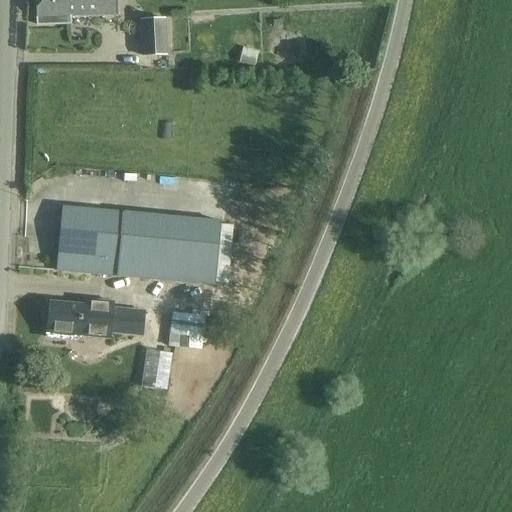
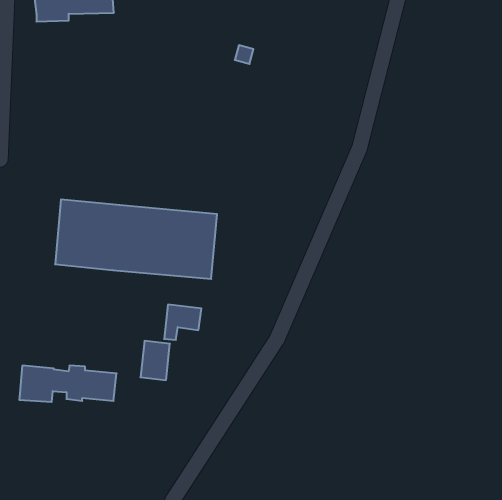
building: [140,16,167,54] -> none
building: [46,300,145,337] -> [19,366,117,402]

